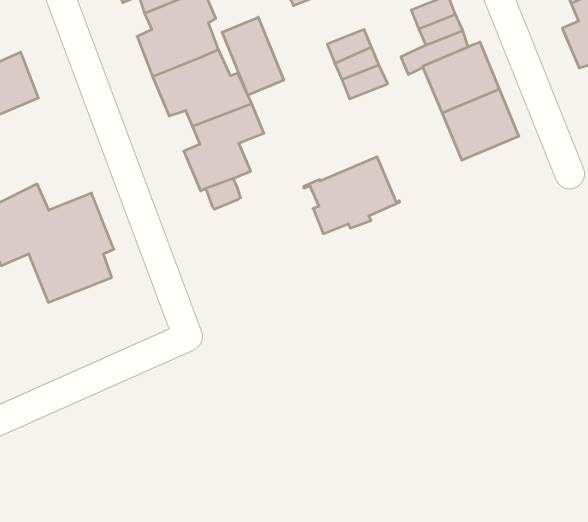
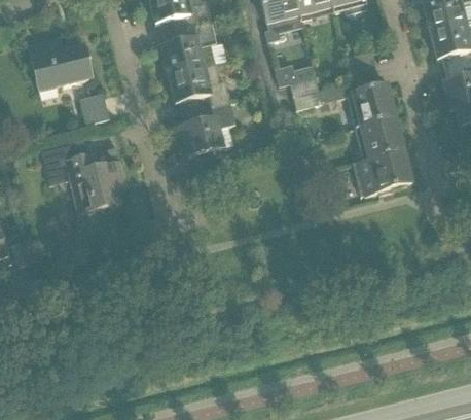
building: [222,17,284,95] -> none
building: none -> [79,92,109,124]
building: [304,157,400,234] -> [352,149,413,195]

